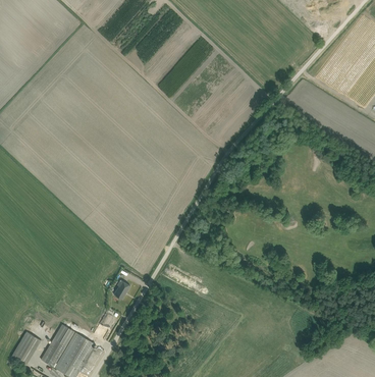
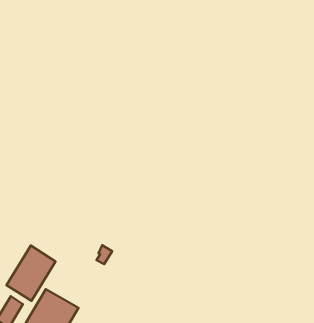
building: none -> [7,246,56,301]

